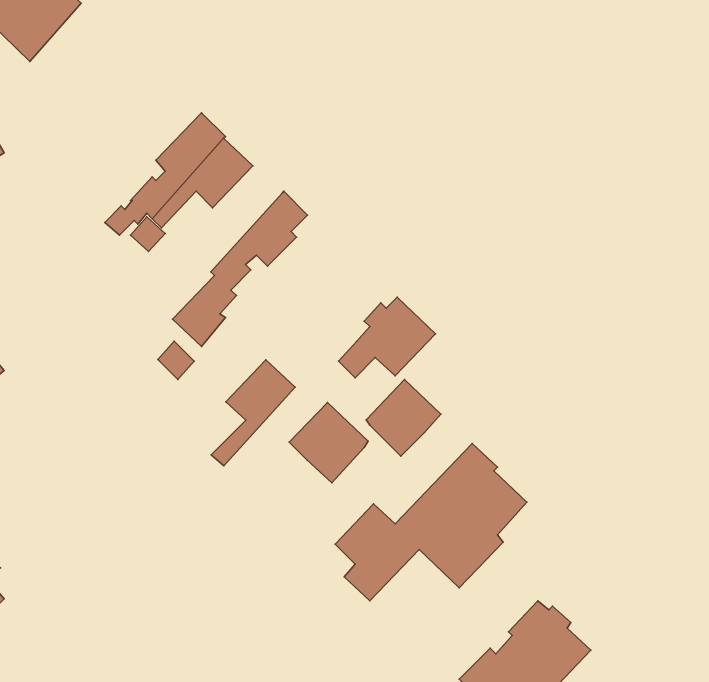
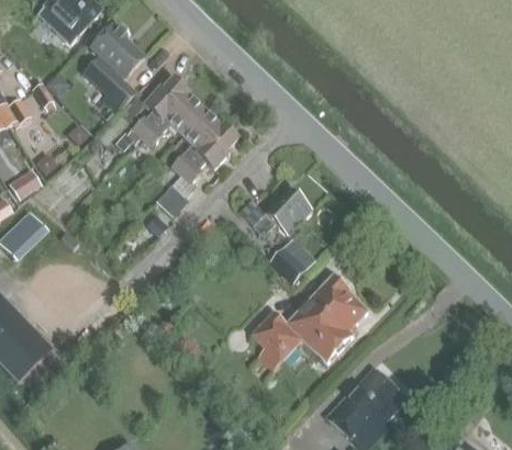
building: none -> [81,25,144,113]
building: [211,360,295,466] -> [170,108,221,171]
building: [289,402,368,483] -> none

